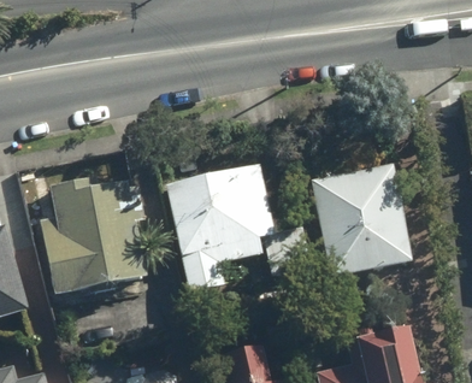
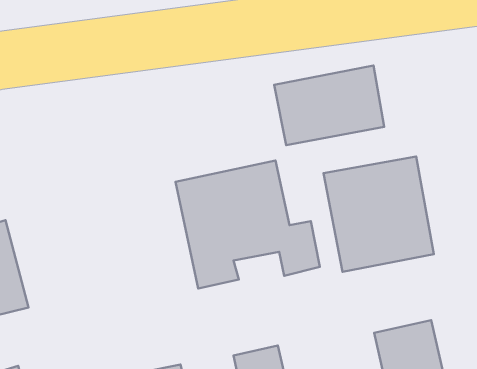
building: none -> [274,66,384,145]
building: [36,177,154,293] -> none

